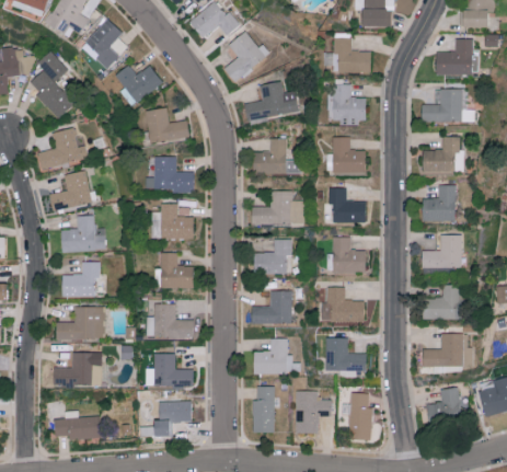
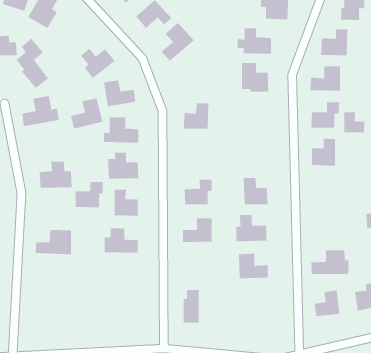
building: [81,19,123,70] -> none
building: [243,81,299,123] -> none
building: [332,137,366,175] -> none
building: none -> [344,111,365,133]
building: [48,171,92,212] -> [70,98,103,129]
building: [323,188,366,223] -> none
building: [251,191,304,225] -> none
building: [423,234,463,268] -> none
building: [61,263,100,298] -> [75,182,103,208]
building: [424,285,461,320] -> none
building: [253,338,301,375] -> none
building: [53,353,101,385] -> none
building: [152,354,193,387] -> none
building: [296,392,331,433] -> none
building: [349,393,372,439] -> none
building: [152,400,191,435] -> none
building: [54,410,101,439] -> none

